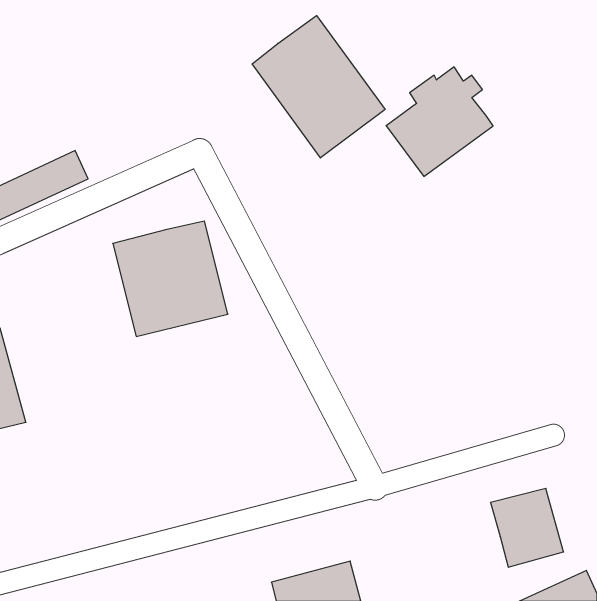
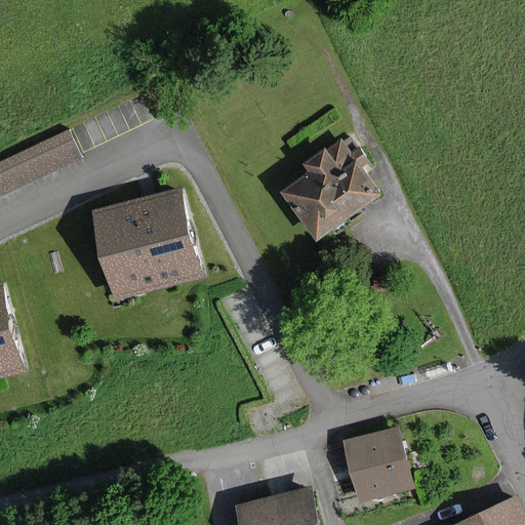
building: [252,16,385,158] -> none
building: [386,67,493,176] -> [281,142,374,237]
building: [491,488,564,567] -> [344,431,407,499]

